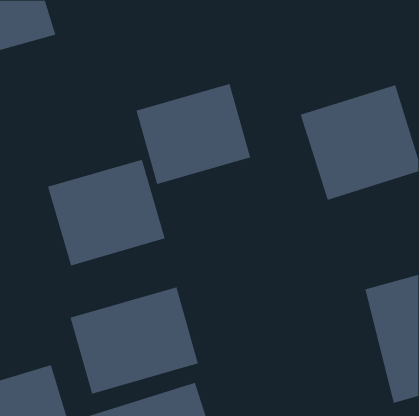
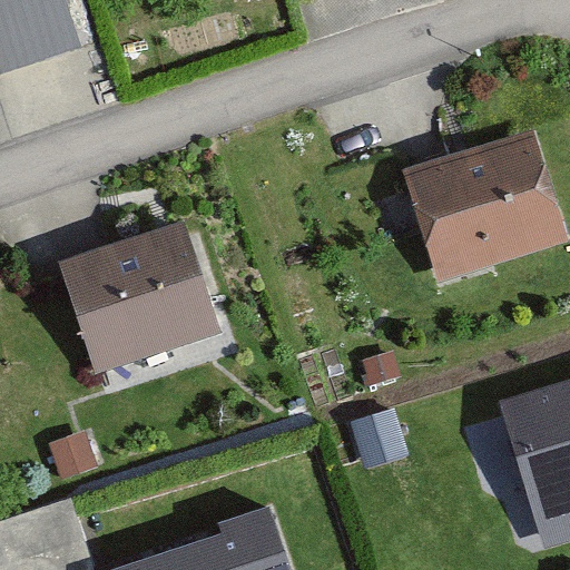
building: [136,83,251,185] -> none
building: [70,287,198,394] -> none

